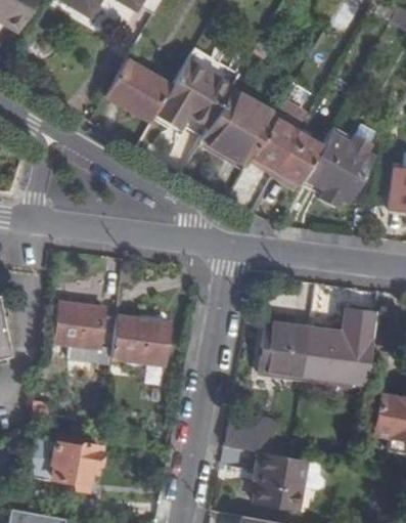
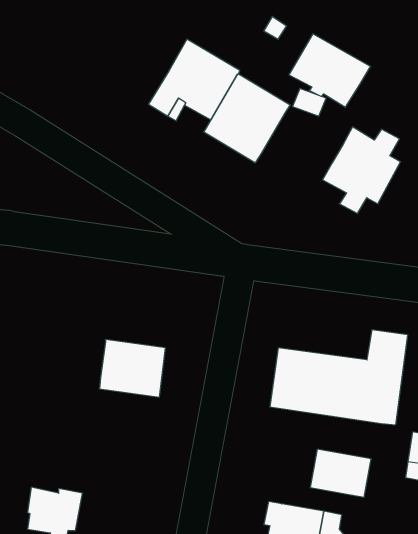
building: [106,59,173,123] -> none
building: [252,122,321,184] -> [289,34,371,107]
building: [55,301,119,361] -> none
building: [223,415,275,455] -> [310,449,371,497]

